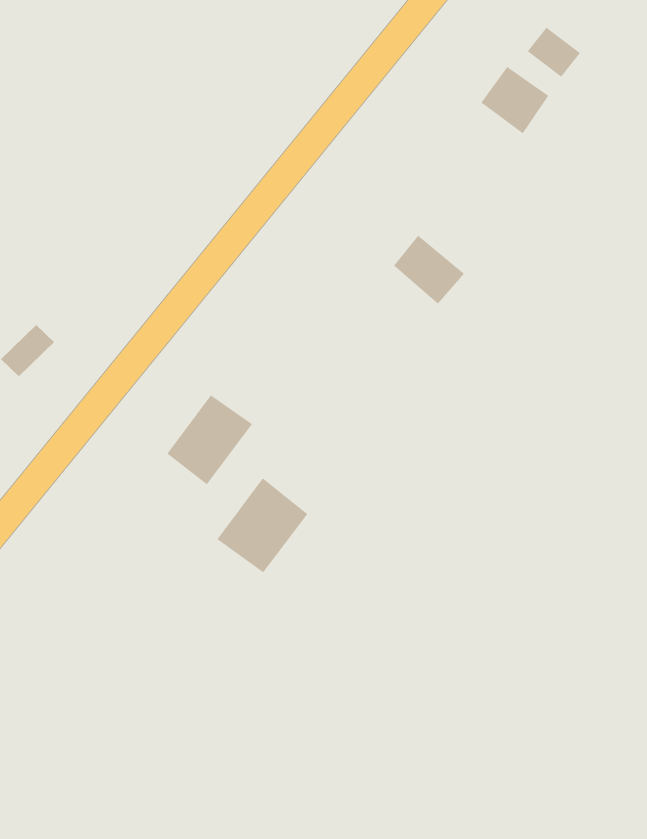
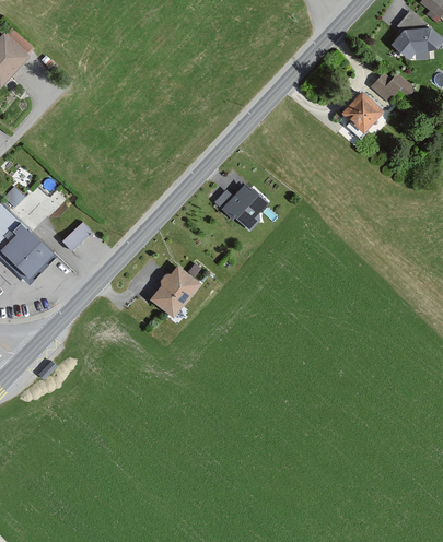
building: [393,235,465,305] -> [224,189,265,229]
building: [216,478,308,573] -> none

